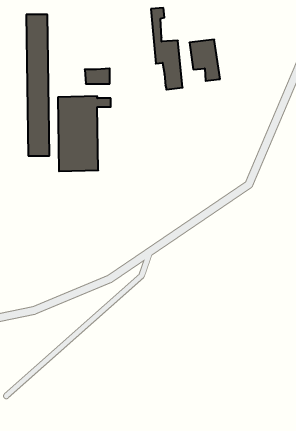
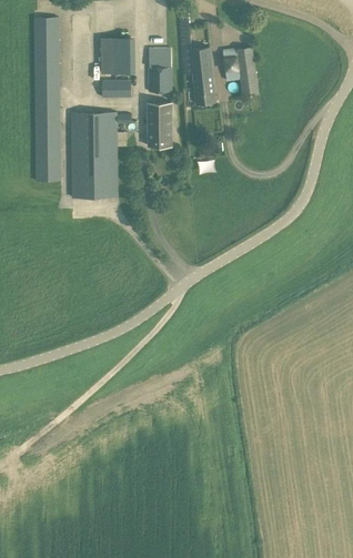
building: none -> [100,35,130,72]
building: none -> [150,49,171,92]
building: none -> [148,103,172,146]

